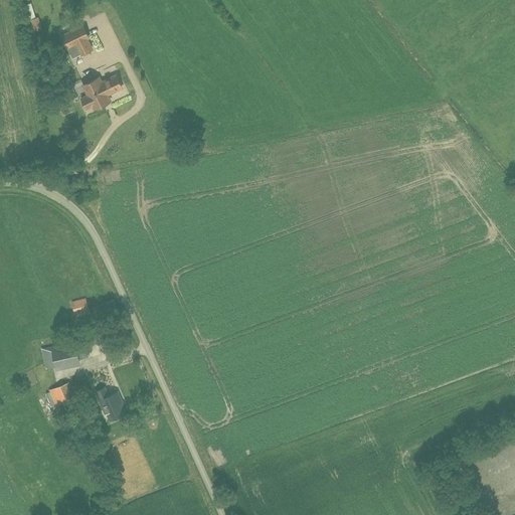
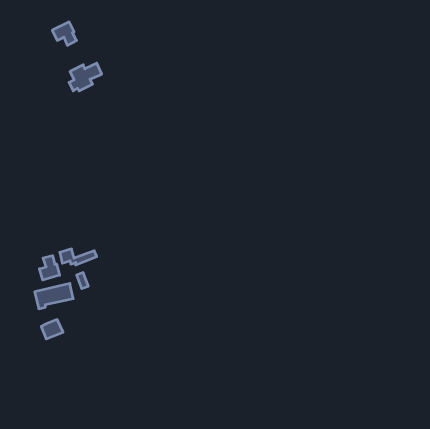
building: none -> [39,256,60,280]
building: [97,389,124,420] -> none

